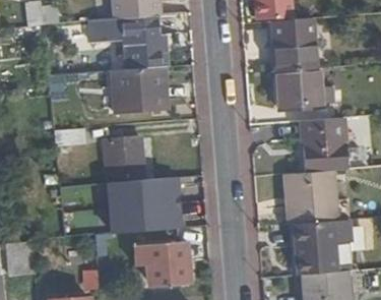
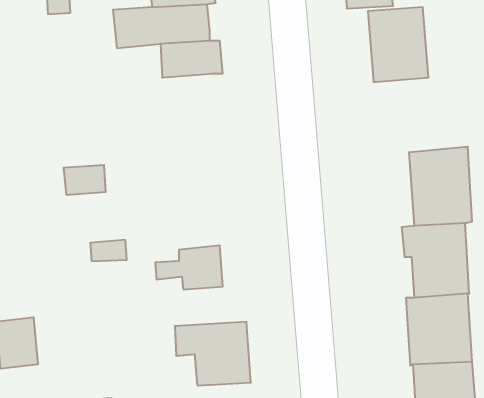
building: [124,64,165,104] -> none
building: [279,67,328,109] -> none
building: [104,136,143,177] -> none

